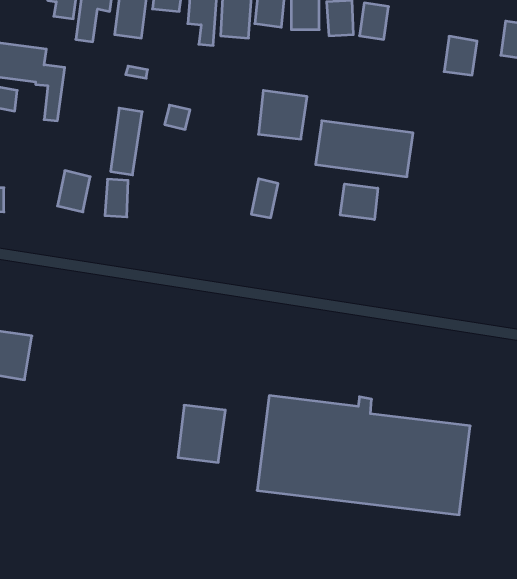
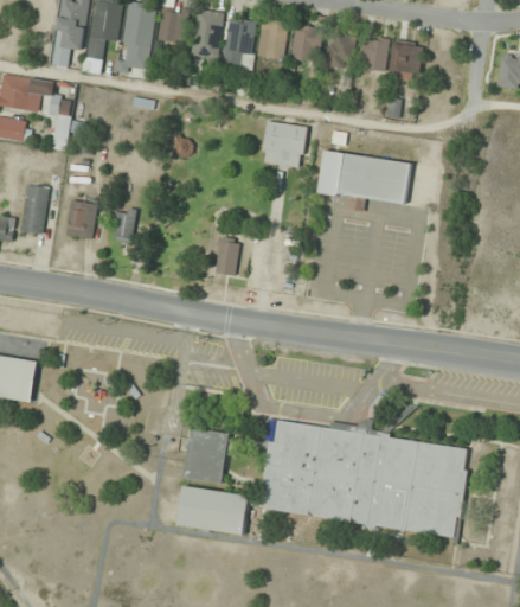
building: [444,36,477,75] -> [389,41,421,79]
building: [111,108,142,175] -> [20,170,51,235]
building: [251,179,278,218] -> [213,237,239,275]
building: [340,184,378,220] -> none
building: none -> [178,487,249,535]

